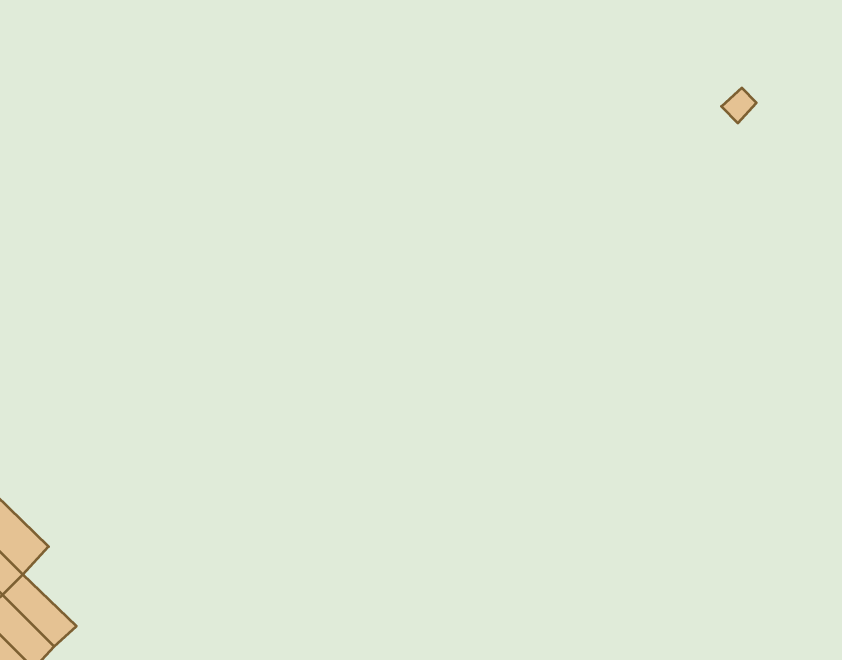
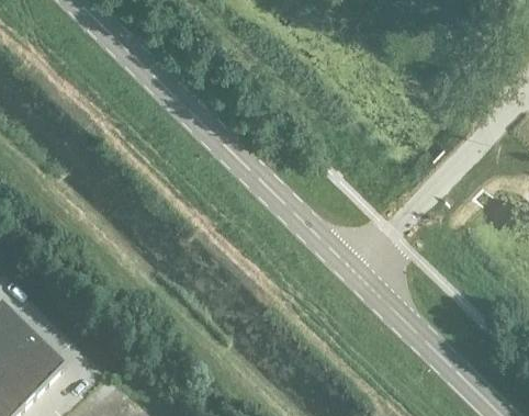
building: none -> [15,335,63,382]

